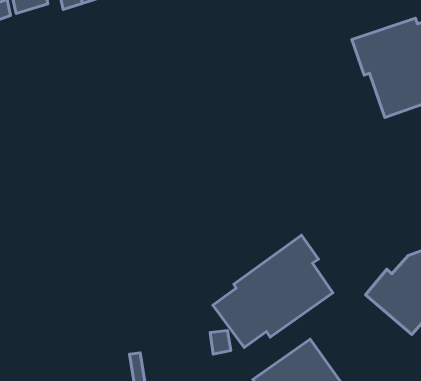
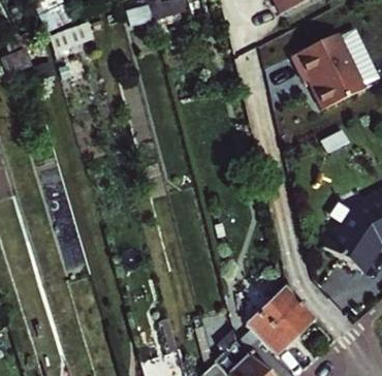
building: [213,235,333,347] -> none

